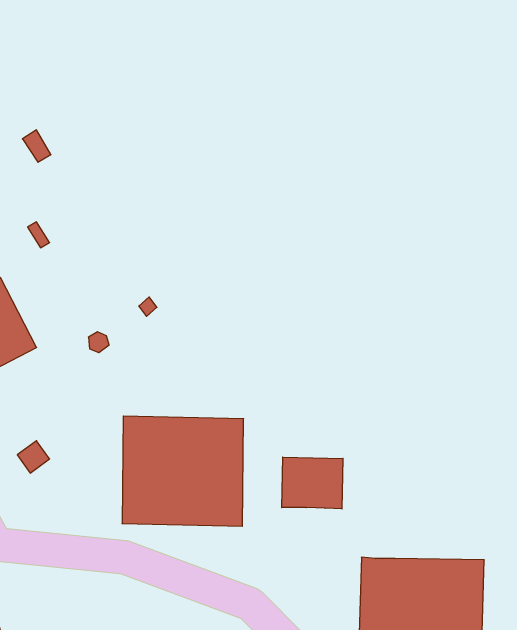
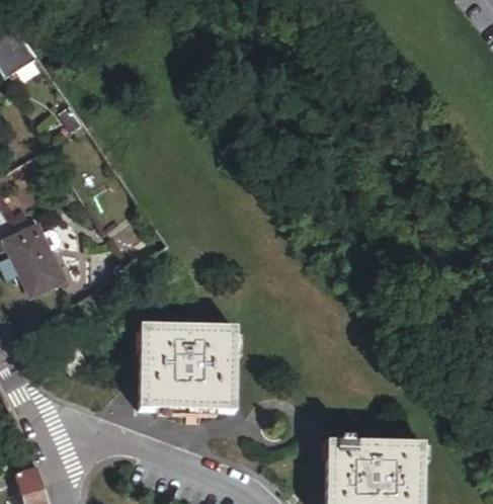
building: [282,457,343,509] -> none

